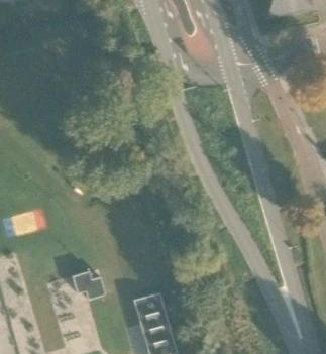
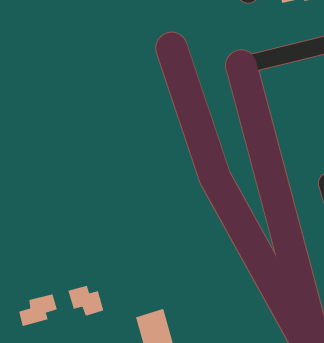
building: none -> [19,293,58,327]

